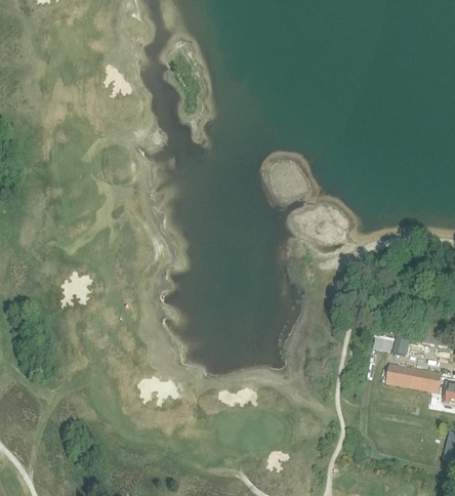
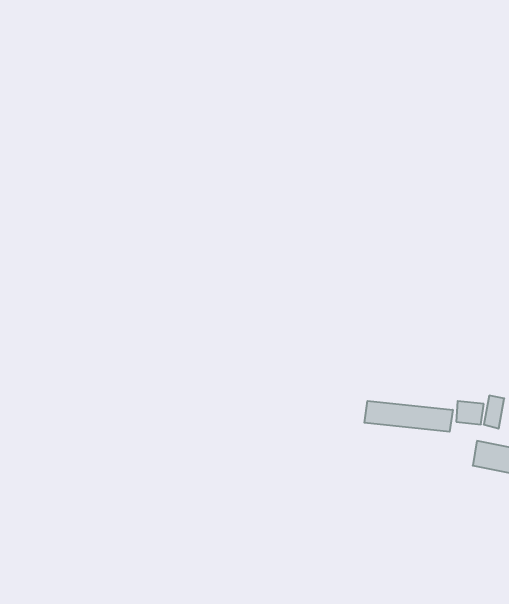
building: none -> [364,401,453,432]

